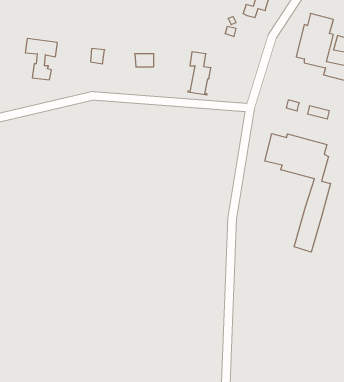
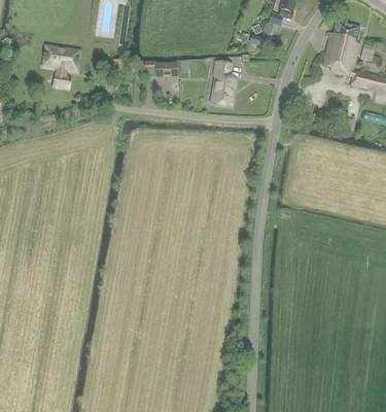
building: [265,134,330,252] -> none

